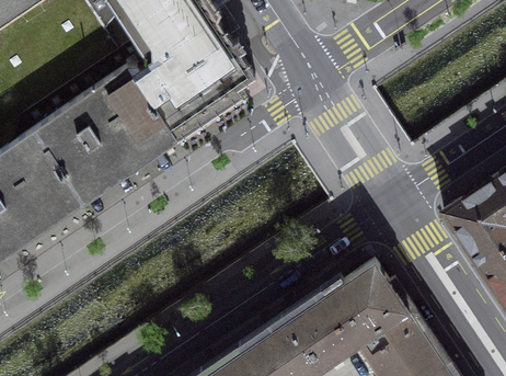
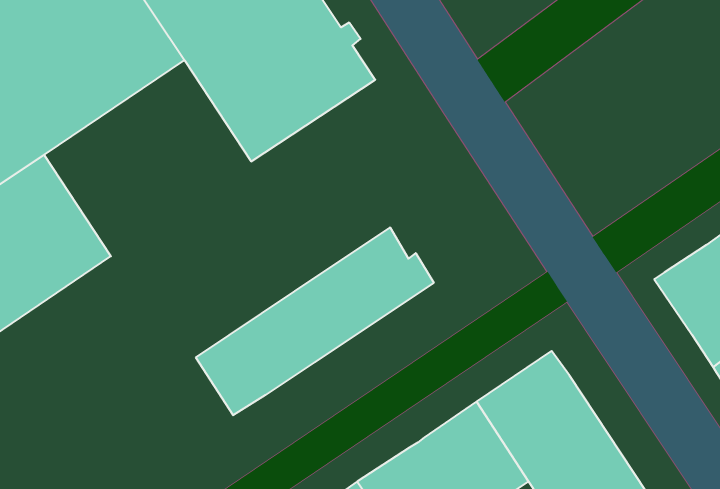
building: [35,65,174,196] -> none
building: none -> [196,227,434,415]

